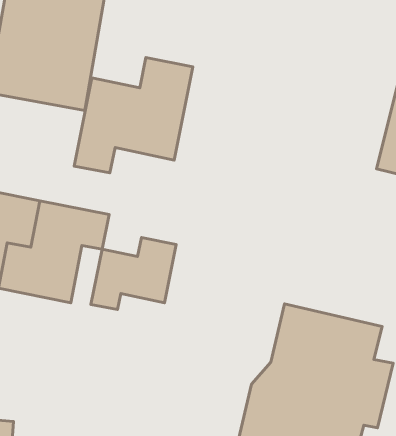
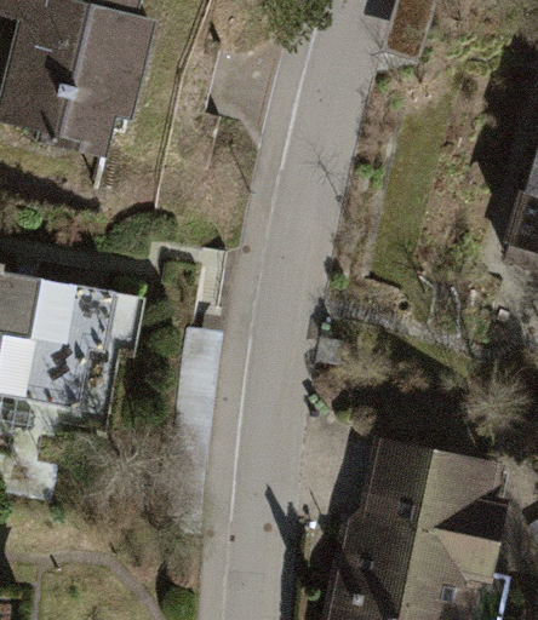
building: [74,58,193,173] -> none
building: [91,237,176,310] -> none

